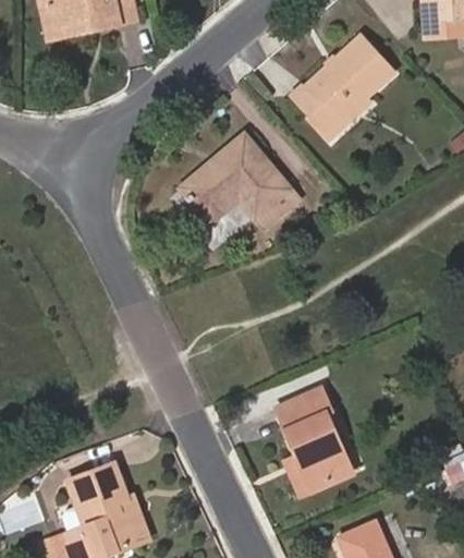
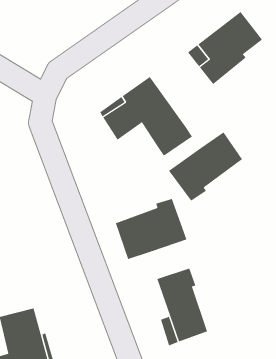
building: none -> [168,131,243,202]
building: none -> [115,198,187,260]

